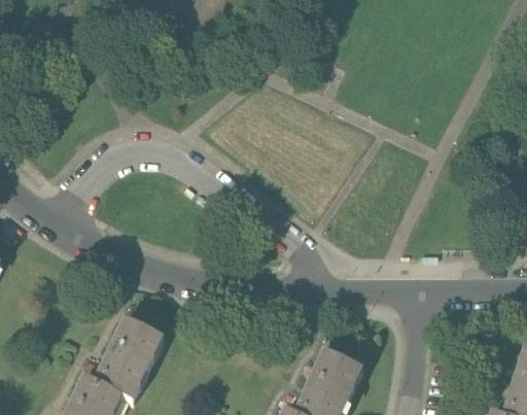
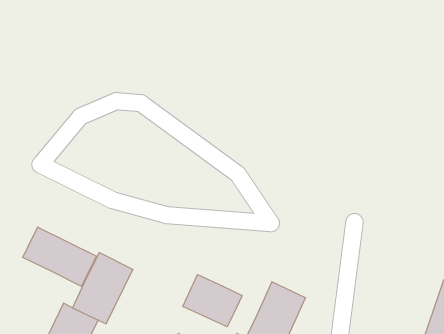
building: none -> [23,227,97,286]
building: none -> [183,275,242,327]

